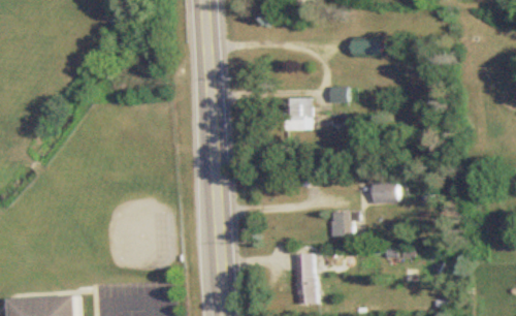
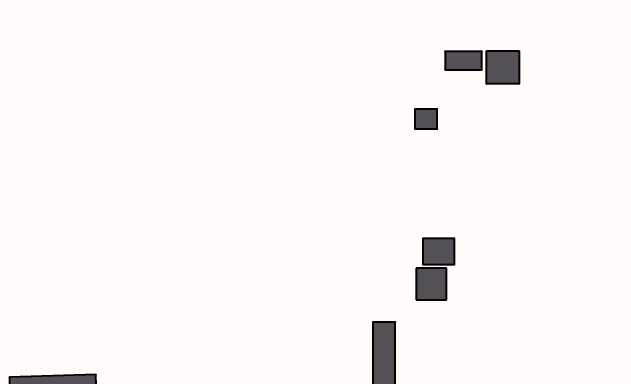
building: none -> [487,51,519,84]
building: [284,98,303,120] -> none
building: [370,182,395,202] -> [423,238,454,265]

